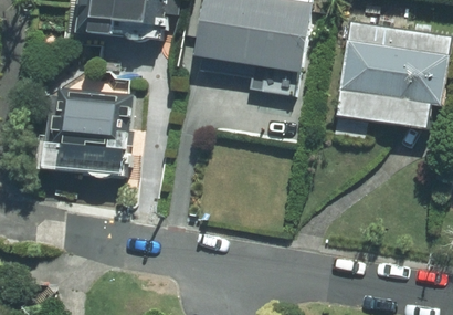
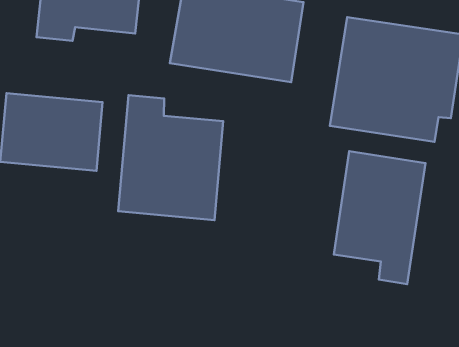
building: none -> [118,95,223,220]
building: none -> [334,151,426,284]

